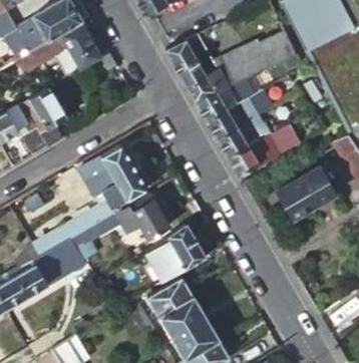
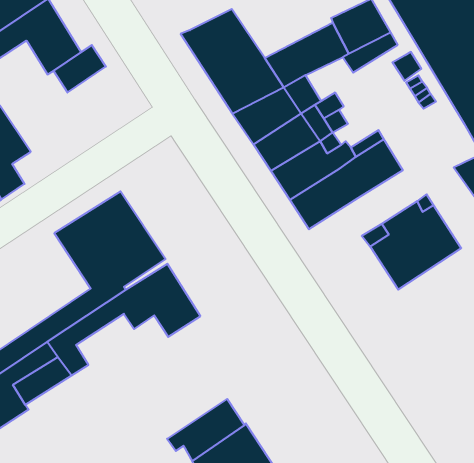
building: [143,225,208,271] -> none

